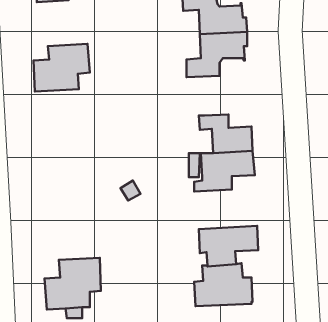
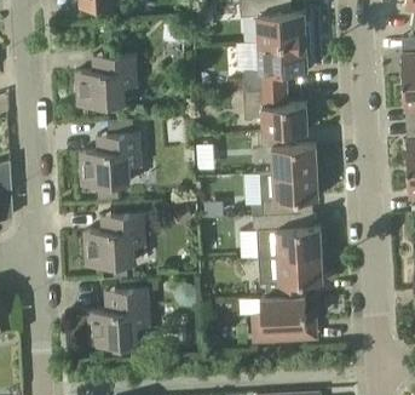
building: none -> [242,90,307,133]
building: none -> [79,134,140,201]
building: none -> [83,214,145,267]
building: none -> [252,214,321,258]

